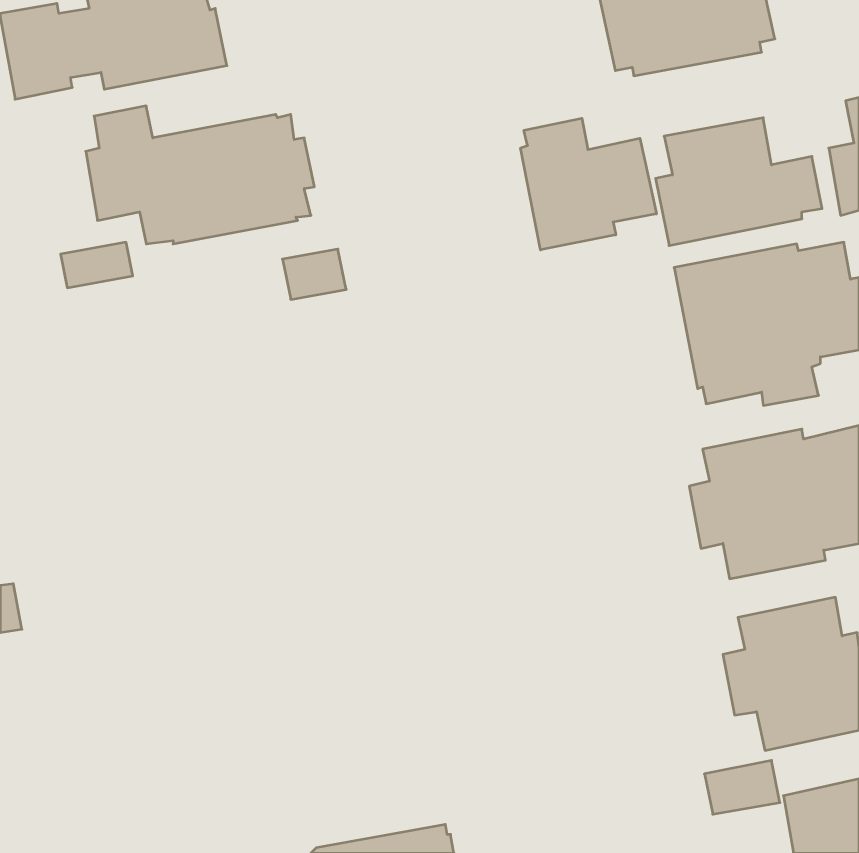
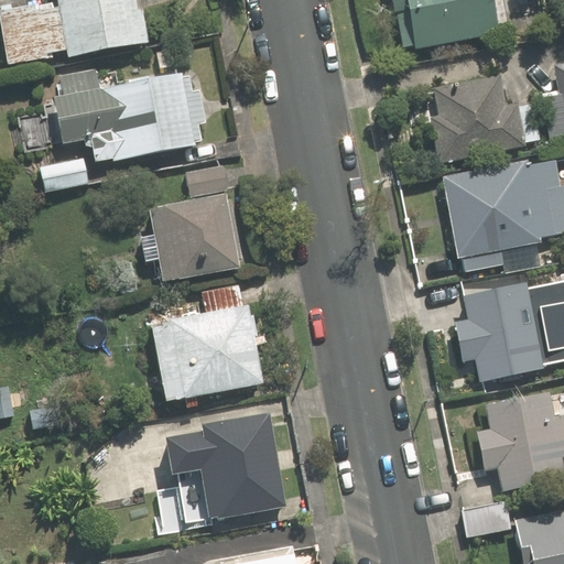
building: [521,118,656,250] -> none
building: none -> [141,195,243,282]
building: none -> [151,284,263,403]
building: none -> [165,416,285,521]

